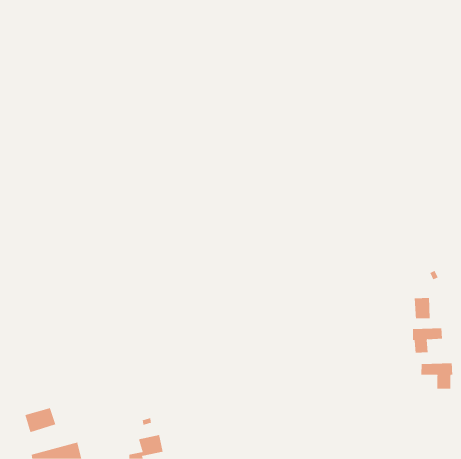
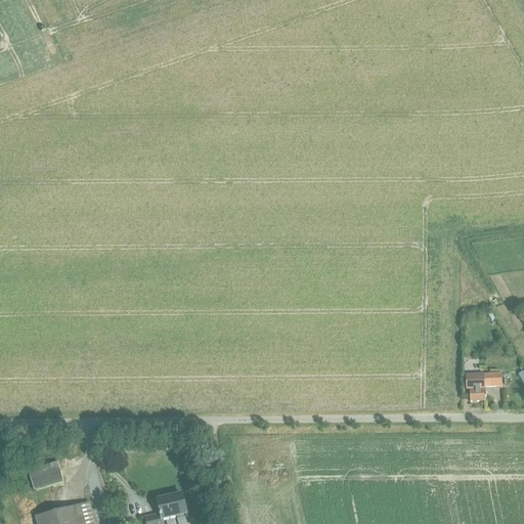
building: [414,297,430,319] -> none
building: [421,363,453,390] -> none

